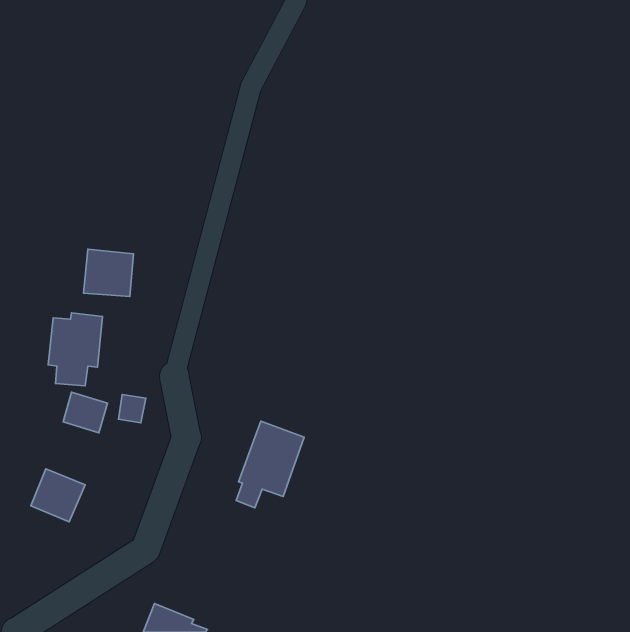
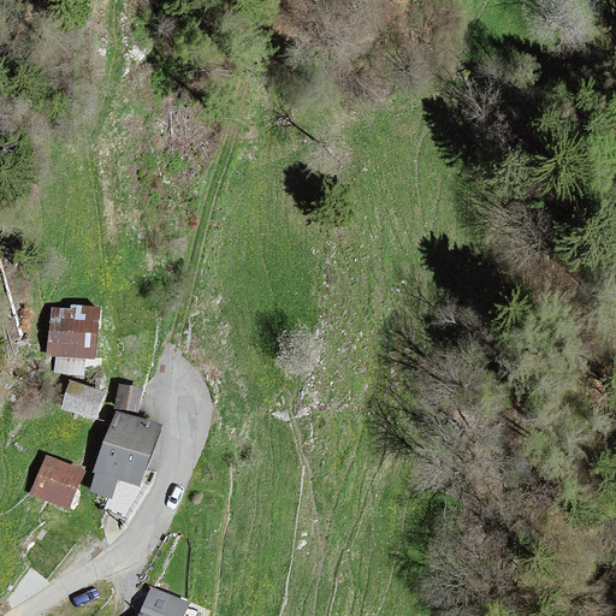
building: [84,249,134,297] -> none
building: [236,421,304,508] -> [93,411,159,496]

